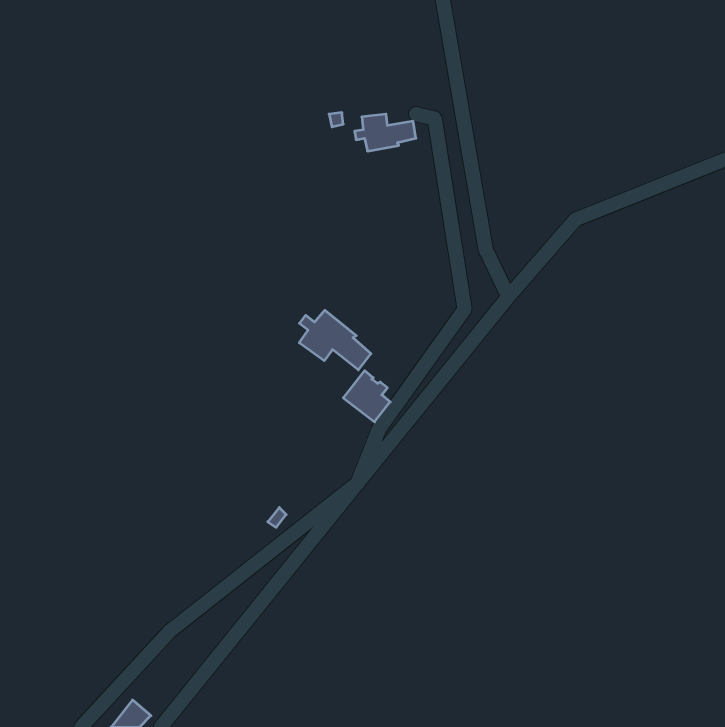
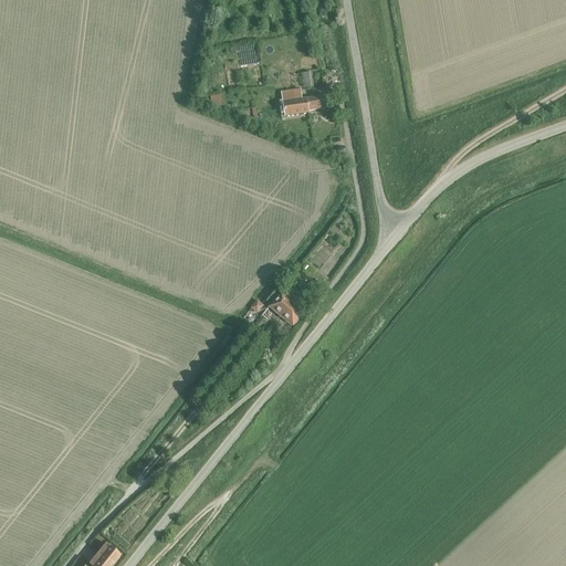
building: [299,310,371,370] -> none

